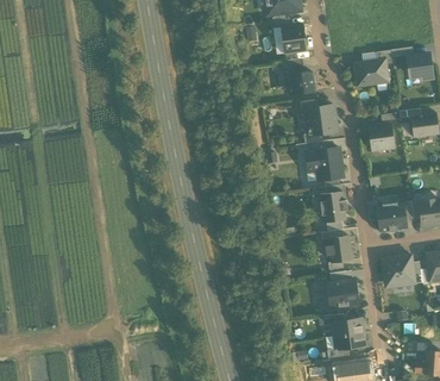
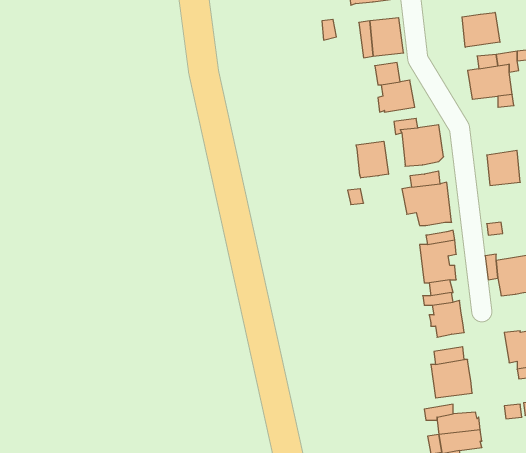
building: none -> [462,12,500,47]
building: none -> [356,141,388,178]

